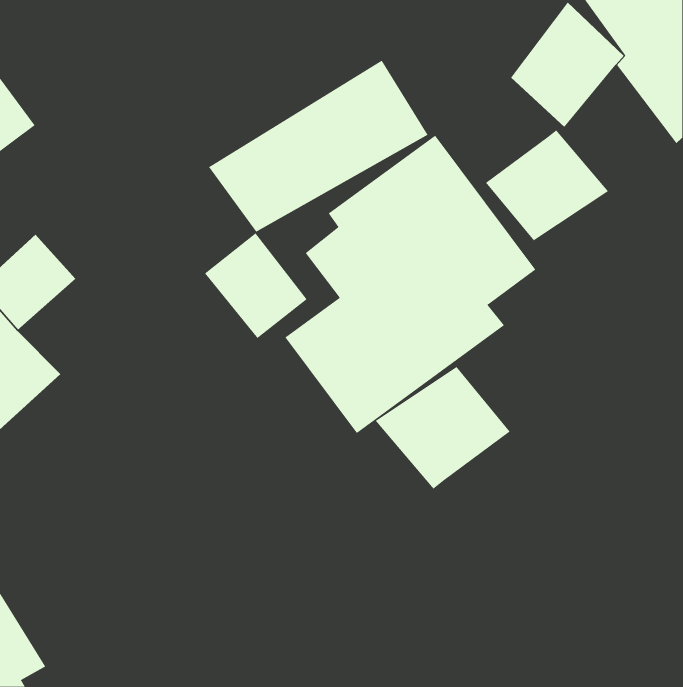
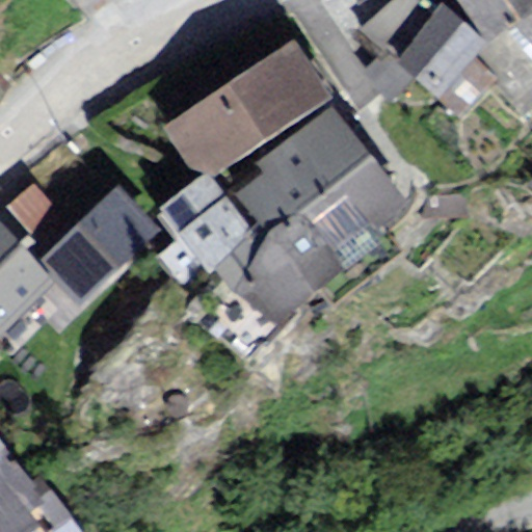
building: [485,130,609,241] -> none
building: none -> [32,181,156,302]
building: [375,366,511,490] -> none

